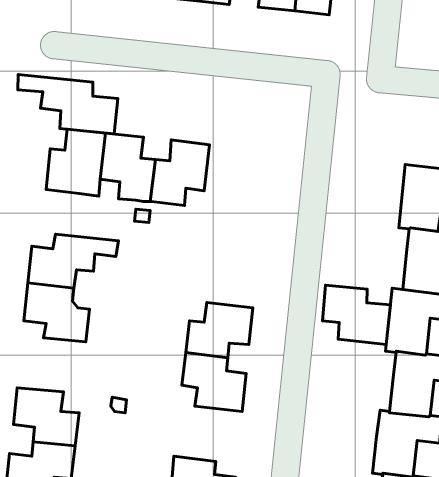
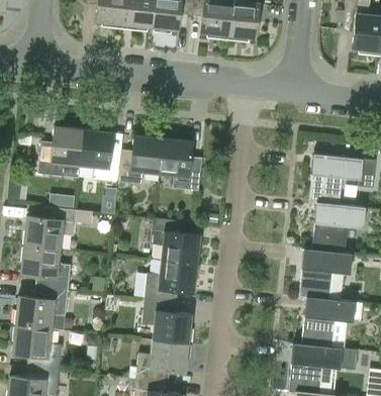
building: [18,74,118,134] -> none
building: none -> [160,139,202,192]
building: none -> [151,219,200,265]
building: [323,285,390,344] -> none
building: none -> [16,288,69,329]
building: none -> [136,340,189,383]

